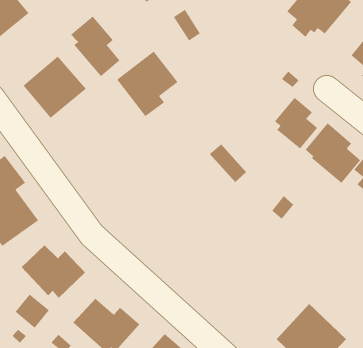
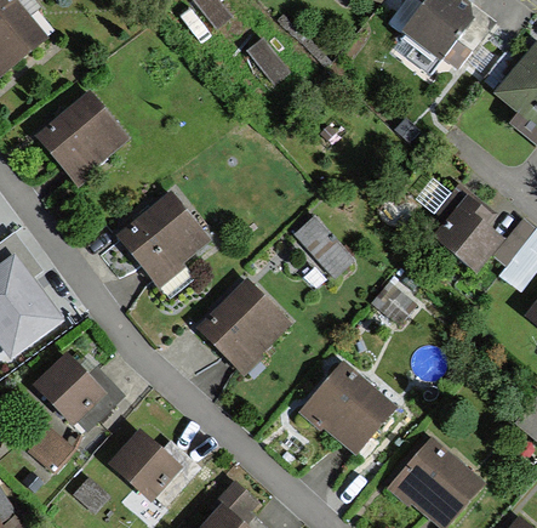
building: [70,15,120,77] -> none
building: [116,51,178,117] -> [119,194,205,286]
building: [274,97,318,149] -> none
building: none -> [198,280,286,373]
building: none -> [298,360,396,455]

